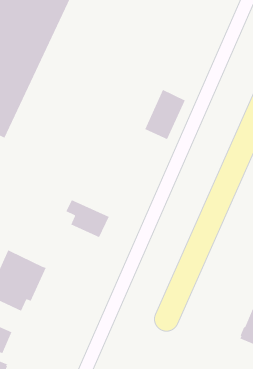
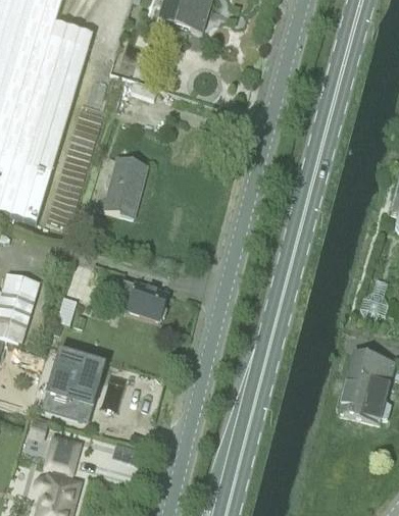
building: [144,89,186,140] -> [103,158,146,216]

